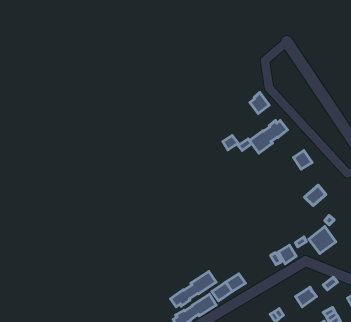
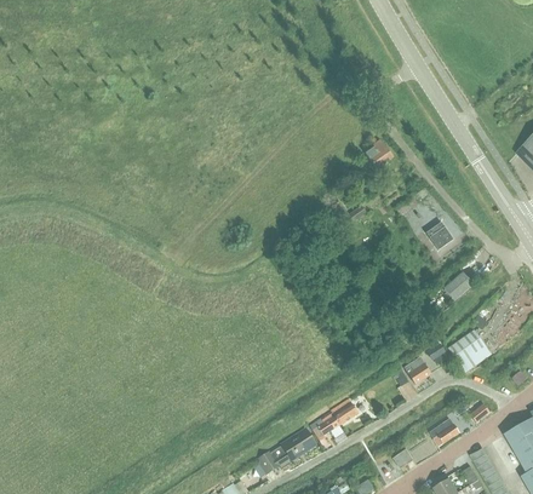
building: [249,120,287,153] -> none
building: [170,271,216,307] -> none

